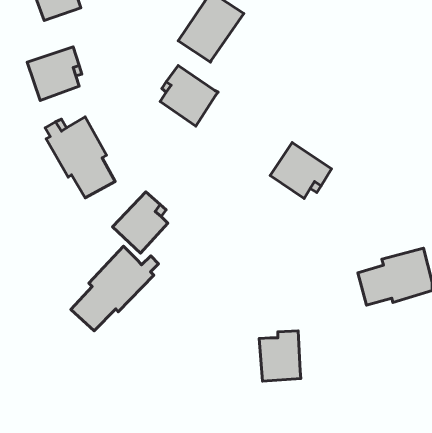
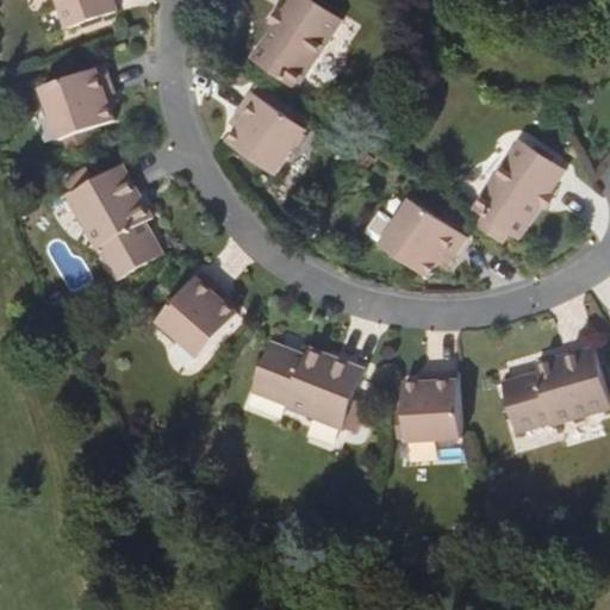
building: none -> [471,138,561,239]
building: none -> [250,341,362,428]
building: [71,246,159,331] -> none
building: [259,331,301,381] -> [402,371,460,441]

